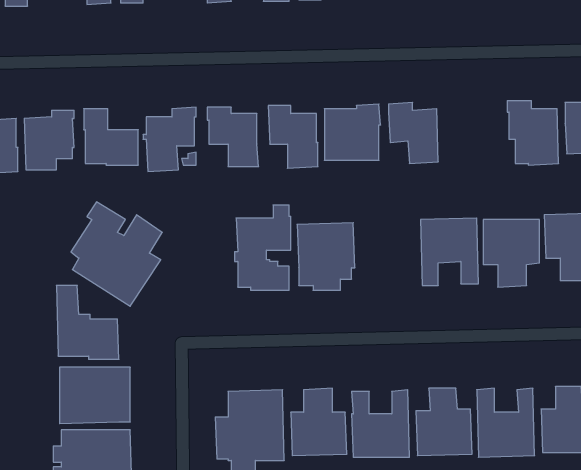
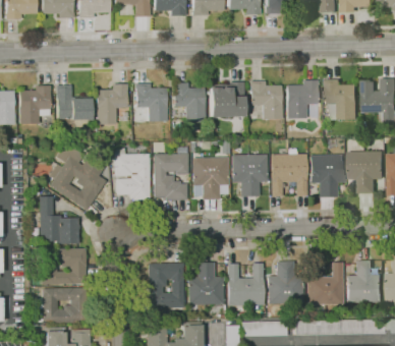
building: none -> [287,79,319,118]
building: none -> [114,148,152,200]
building: none -> [232,154,268,196]

